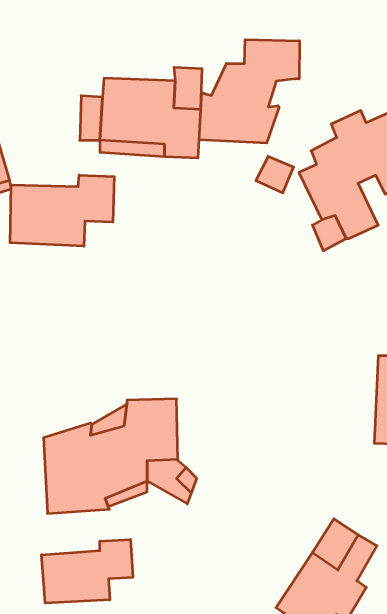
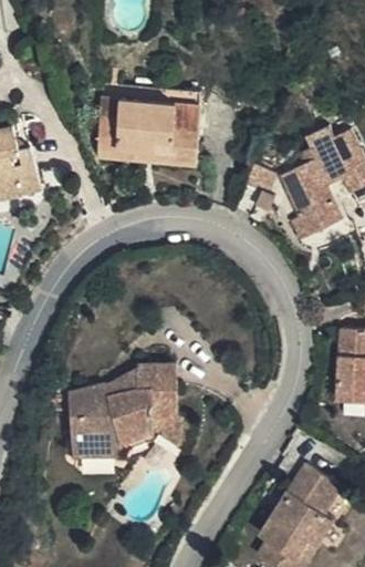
building: [199,40,299,143] -> none
building: [10,175,114,246] -> none
building: [42,539,133,603] -> none

